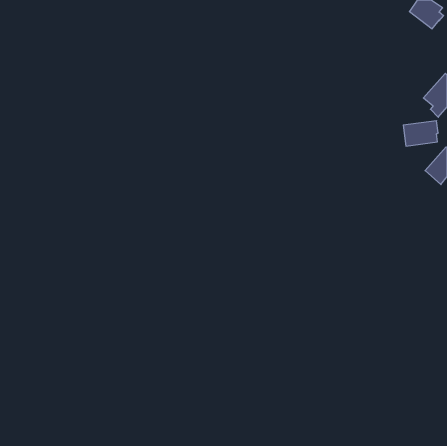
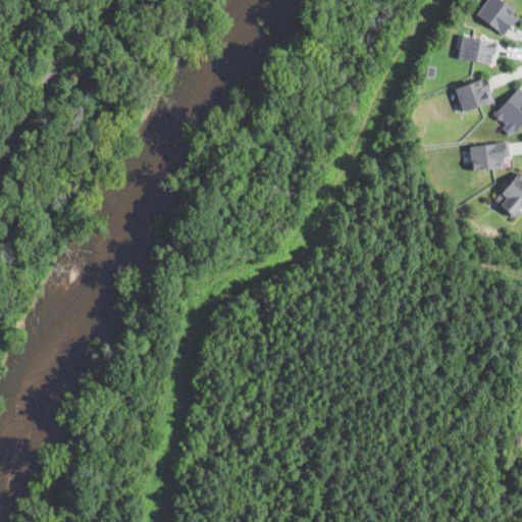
building: none -> [459,34,499,65]
building: none -> [455,76,494,113]

